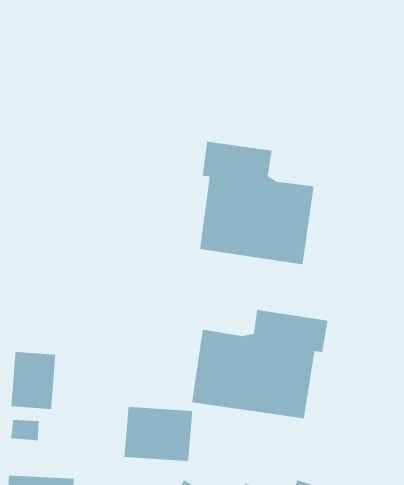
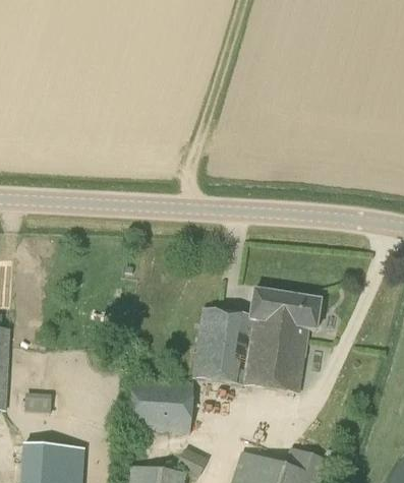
building: [199,141,315,265] -> none
building: [10,351,56,410] -> none

